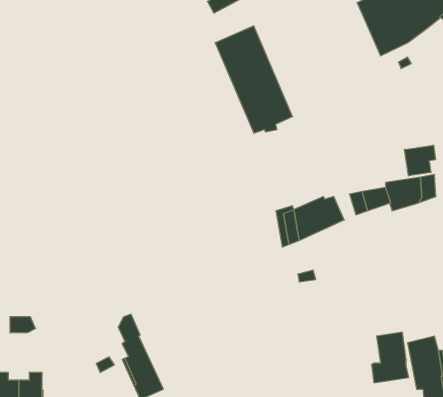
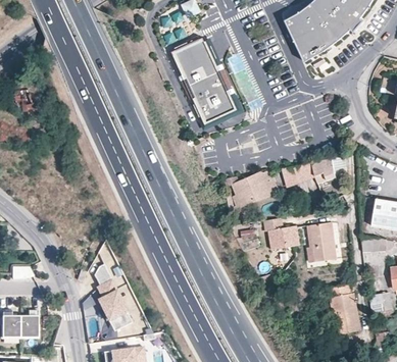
building: [404,145,436,176] -> none
building: none -> [262,218,296,250]
building: [371,332,409,383] -> [306,222,336,262]

